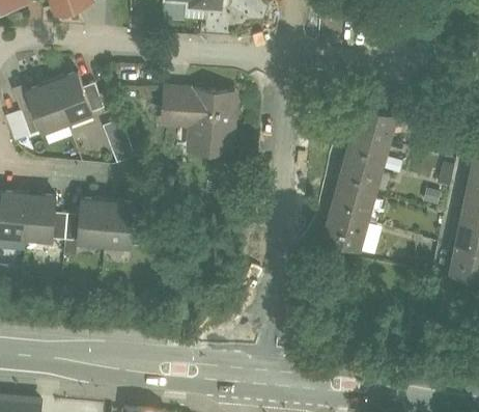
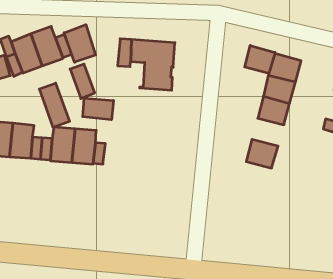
building: none -> [64,25,96,62]
building: none -> [245,45,275,74]
building: none -> [39,83,70,127]
building: none -> [83,98,113,120]
building: [332,189,372,224] -> none

